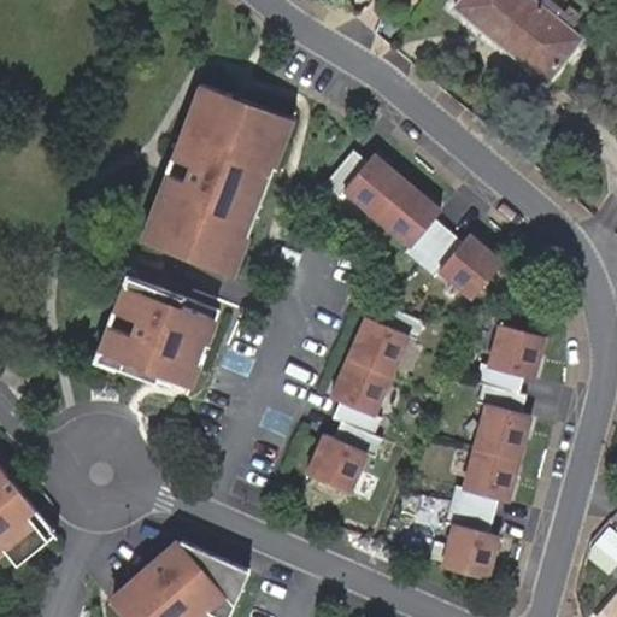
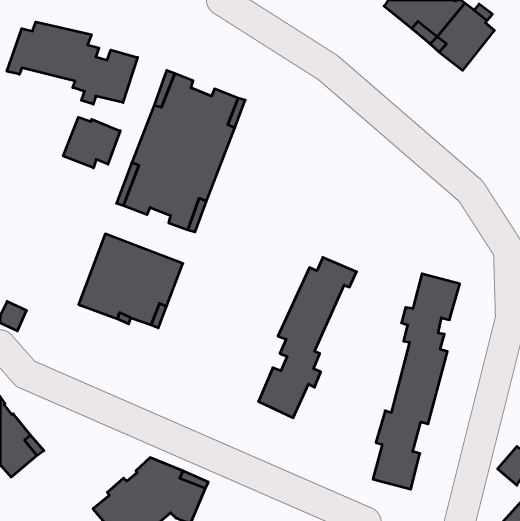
building: none -> [7,22,138,104]
building: none -> [63,117,120,168]
building: [323,151,501,299] -> none

